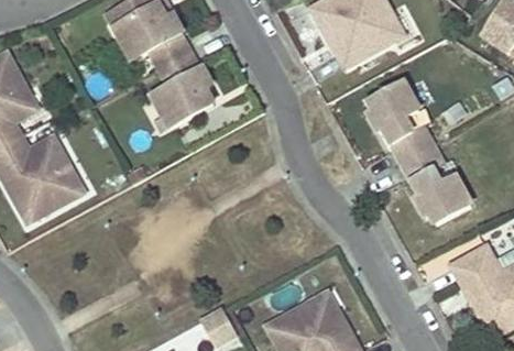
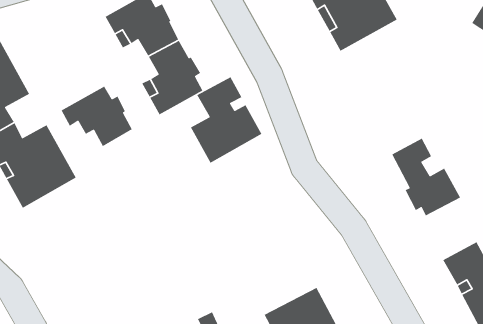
building: [365,84,429,164] -> none
building: none -> [190,76,263,164]
building: none -> [60,85,133,147]

